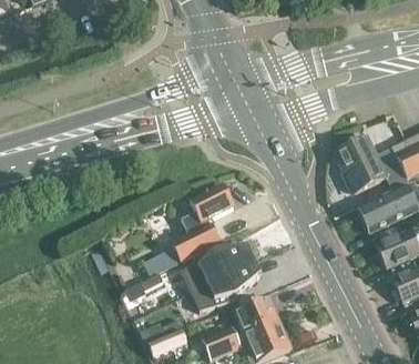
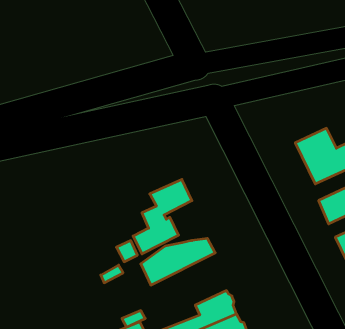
building: [191,257,260,307] -> none

